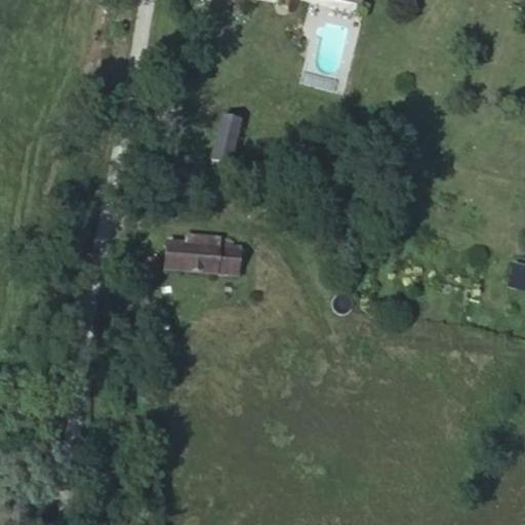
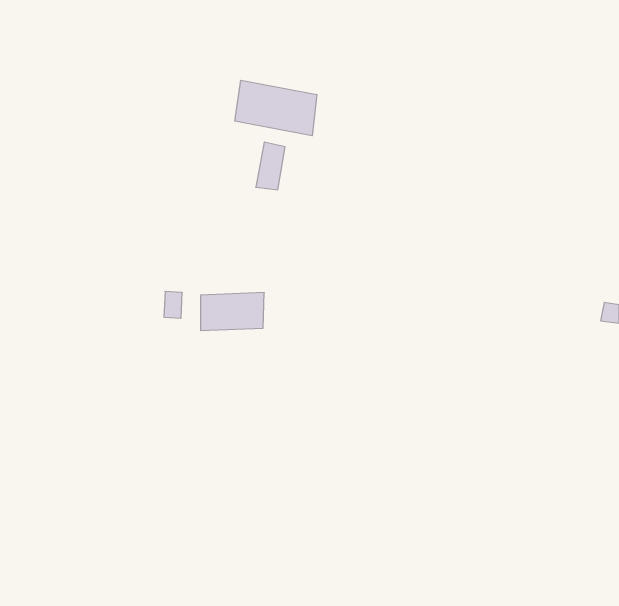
building: none -> [235,80,317,136]

